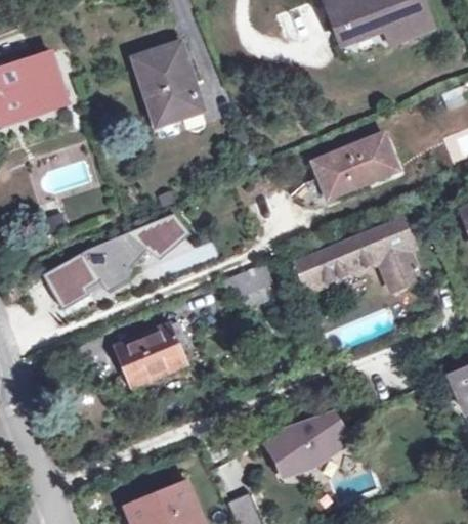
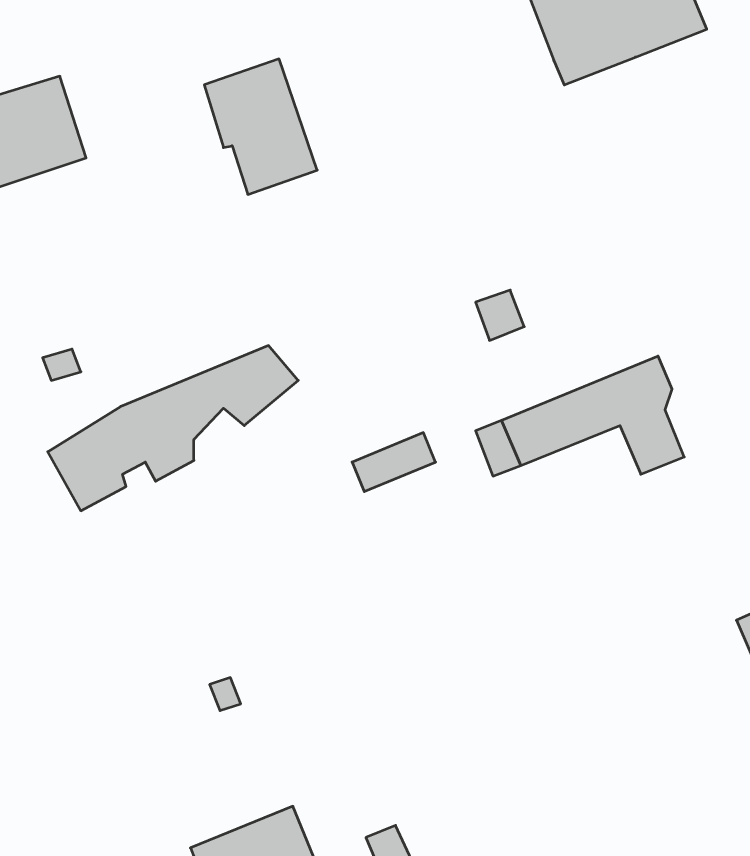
building: [313,134,397,198] -> none
building: [114,322,184,402] -> none
building: [271,411,352,475] -> none

